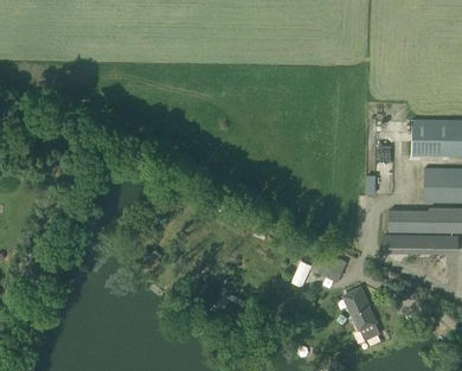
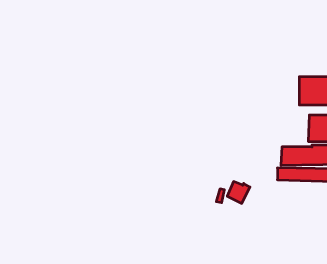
building: [335,289,380,341] -> none

